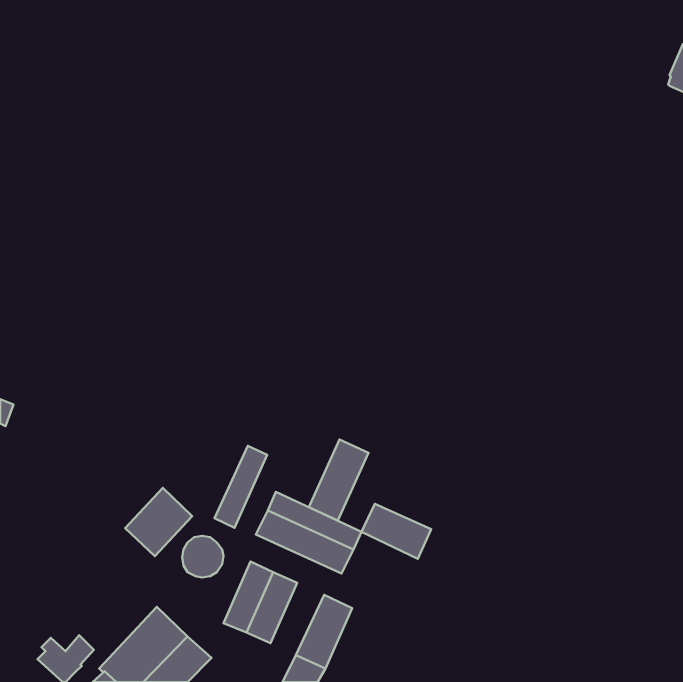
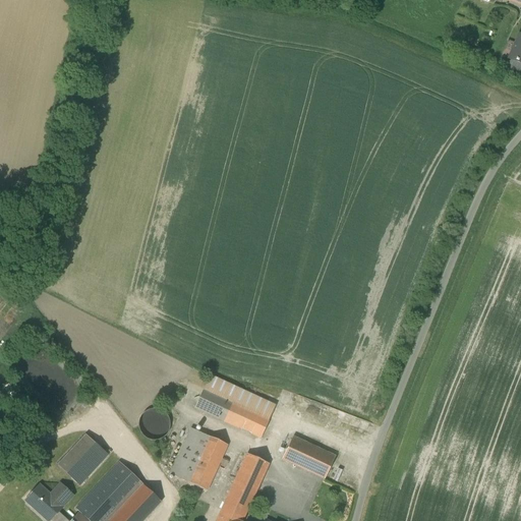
building: [309,439,369,520] -> none
building: [214,446,267,528] -> none
building: [125,488,192,556] -> [58,432,109,484]
building: [362,504,431,559] -> [282,436,335,477]

